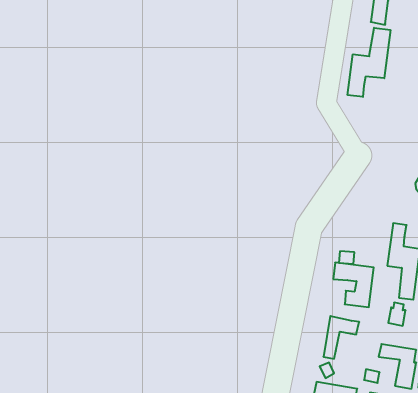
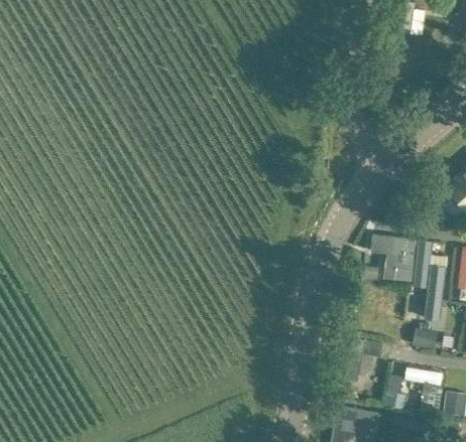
building: [348,28,390,97] -> none
building: [333,263,374,307] -> [371,236,414,282]

